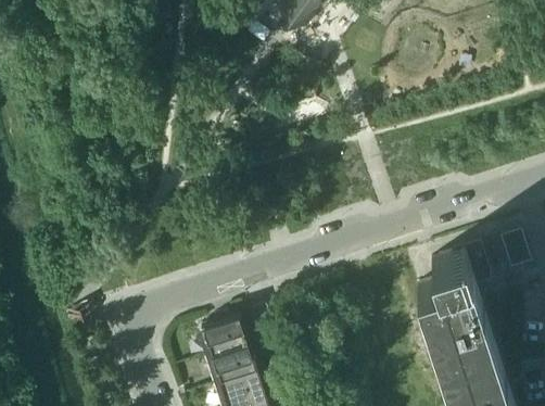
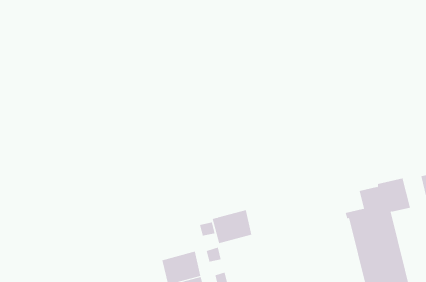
building: [199,318,246,359] -> [212,210,252,244]

